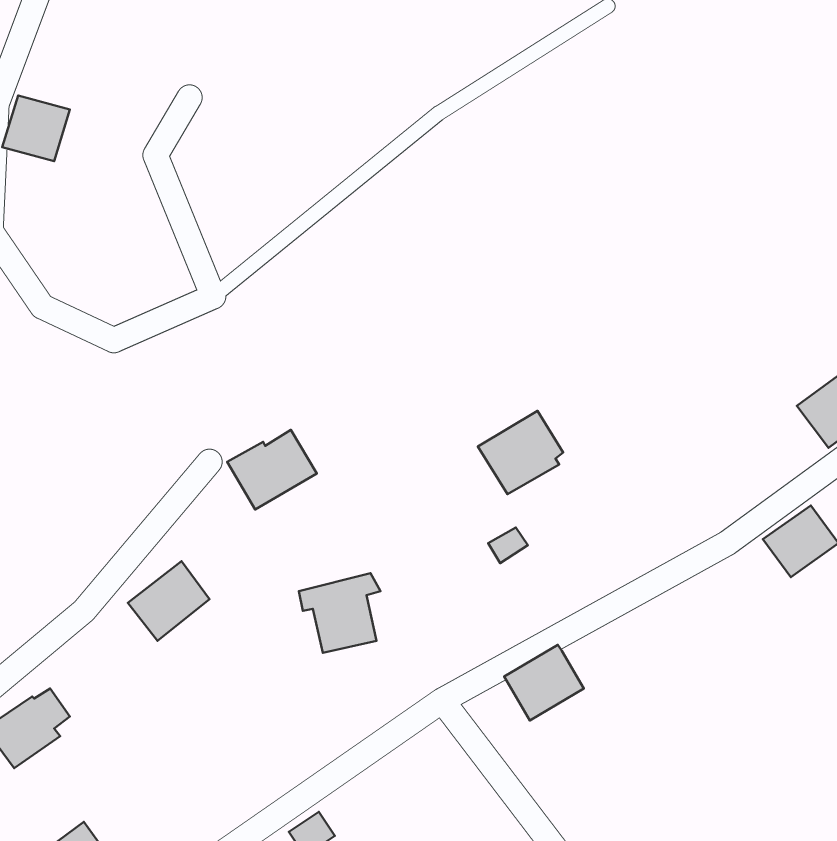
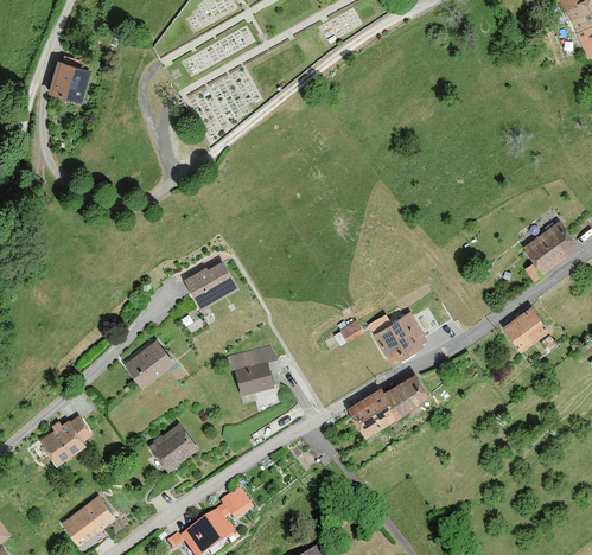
building: [478,411,563,494] -> [374,312,425,362]
building: none -> [383,374,428,415]
building: none -> [148,422,198,471]

